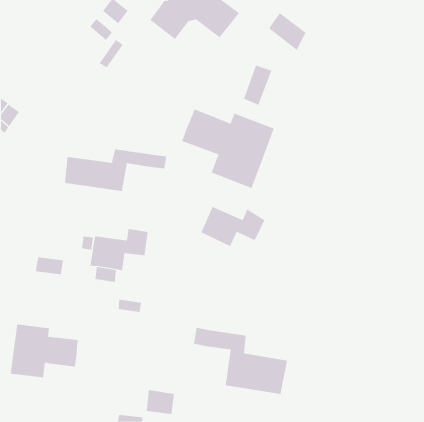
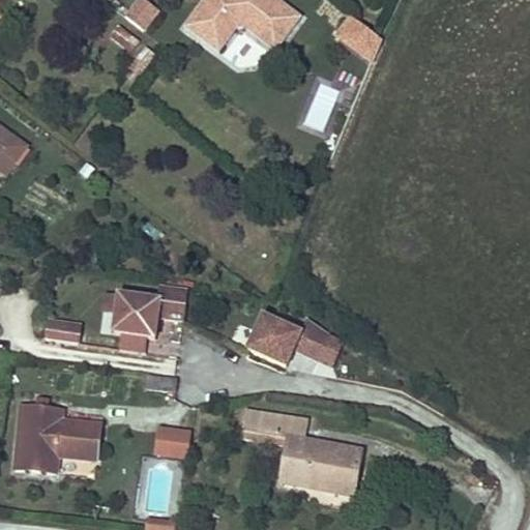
building: [181,109,274,189] -> none
building: [64,149,167,192] -> none
building: [201,206,265,247] -> [247,315,328,365]
building: [146,390,175,415] -> [155,428,192,459]

